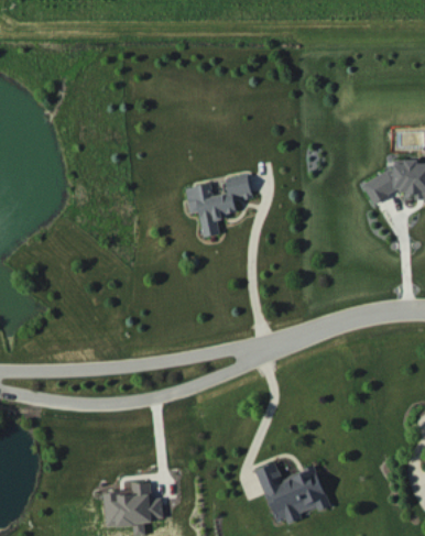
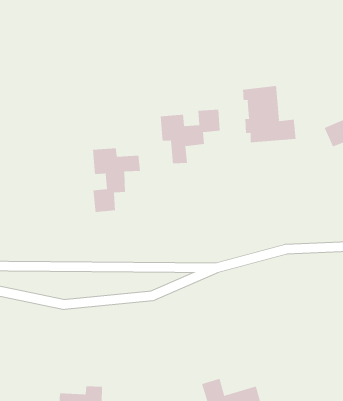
building: none -> [242,85,296,143]
building: none -> [93,147,141,213]

